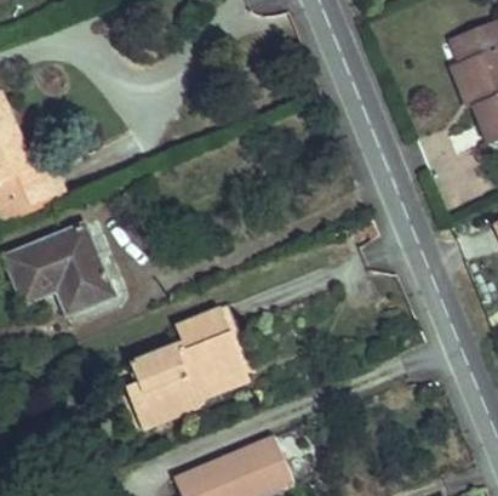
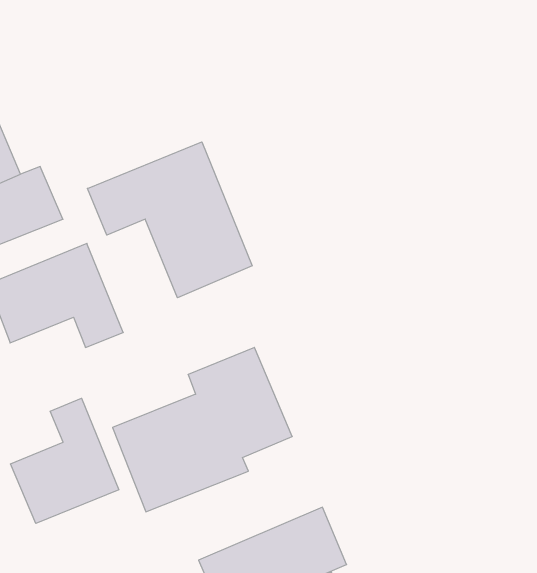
building: none -> [87,142,252,298]
building: none -> [10,398,119,523]

